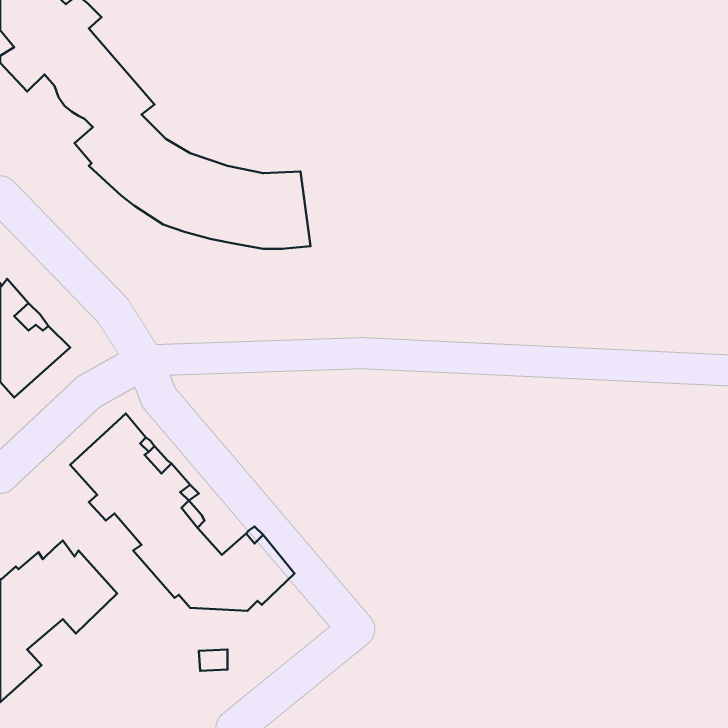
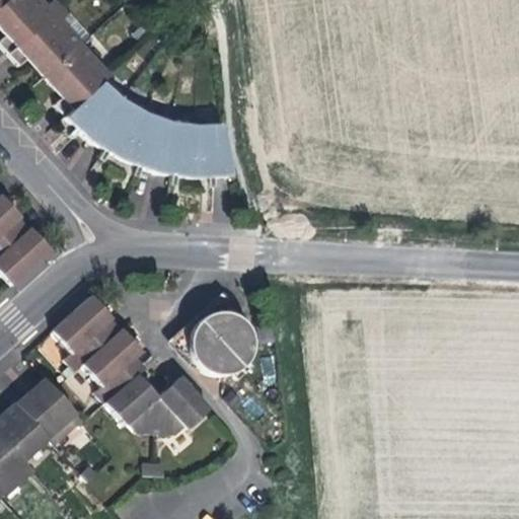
building: none -> [177,297,256,377]

